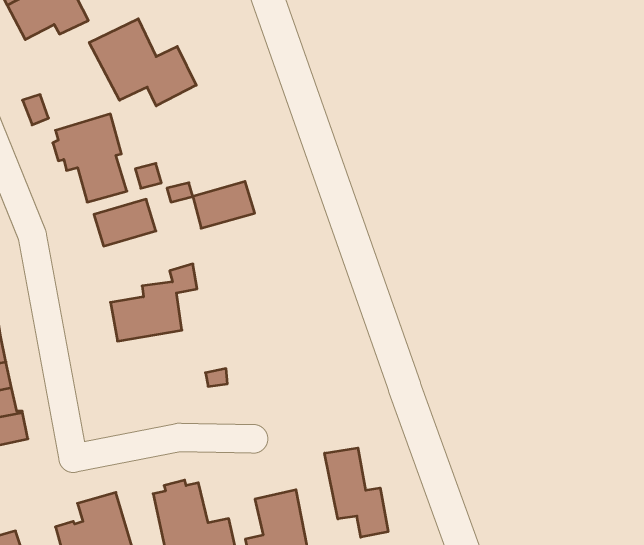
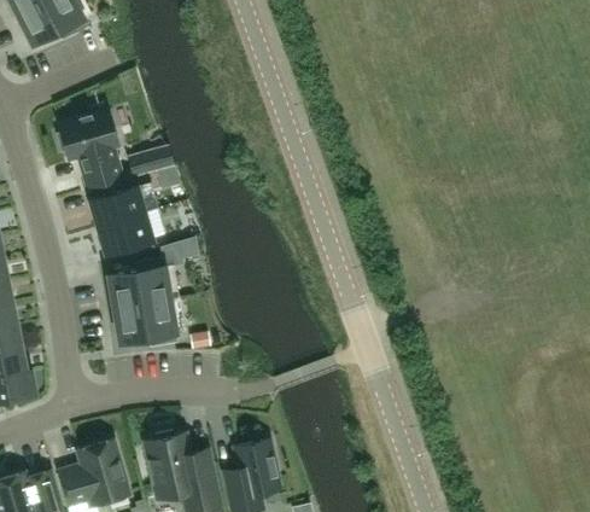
building: [89,19,196,106] -> none
building: [193,181,255,228] -> [101,211,156,252]
building: none -> [113,298,177,347]
building: [325,448,388,537] -> none

